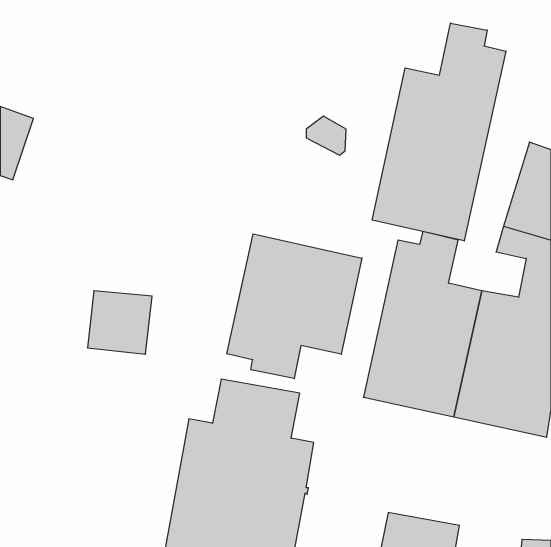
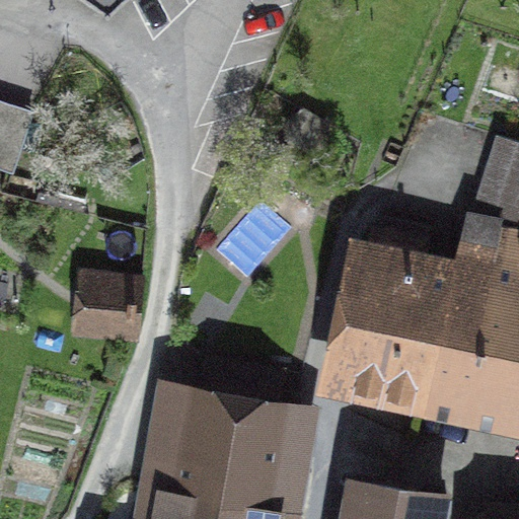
building: [372,23,506,241] -> none
building: [227,234,362,379] -> none

